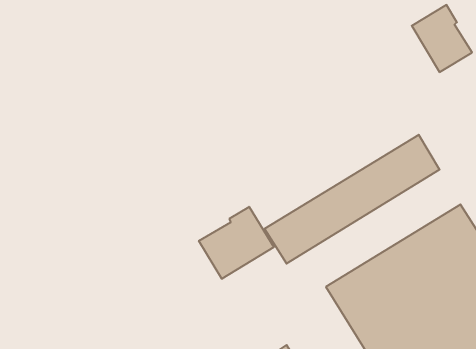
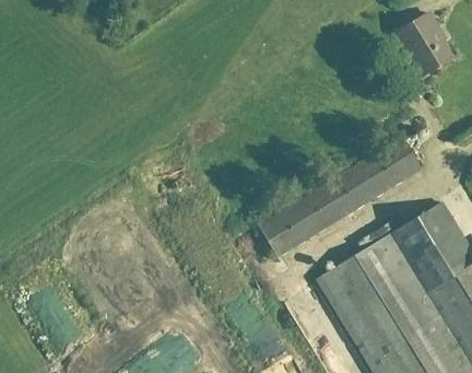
building: [199,207,274,279] -> none

